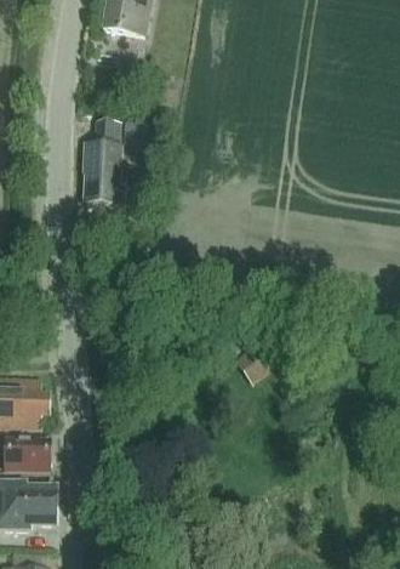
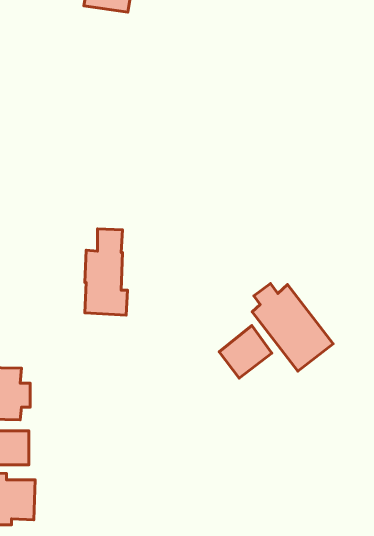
building: [84,121,125,205] -> [85,229,127,315]
building: none -> [252,284,333,371]

